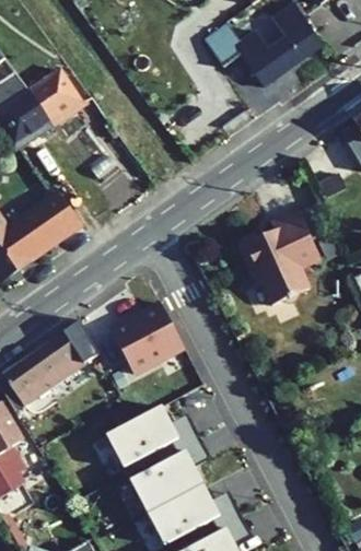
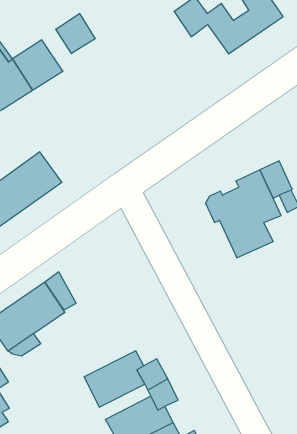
building: none -> [56,13,95,54]
building: [112,303,184,373] -> none

